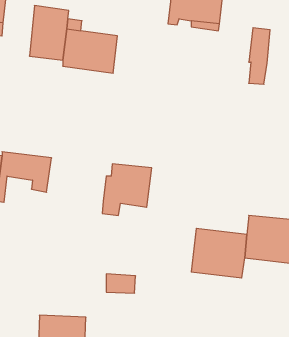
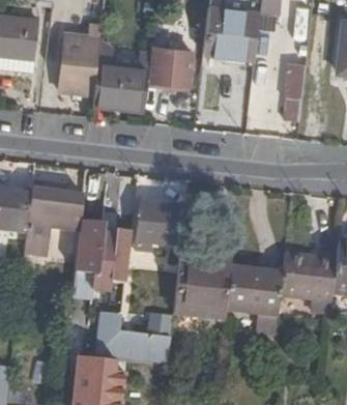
building: none -> [152,42,194,81]
building: none -> [74,221,129,284]
building: none -> [173,254,232,316]
building: none -> [95,312,167,363]

